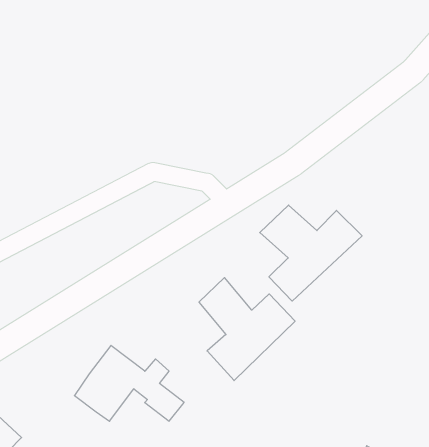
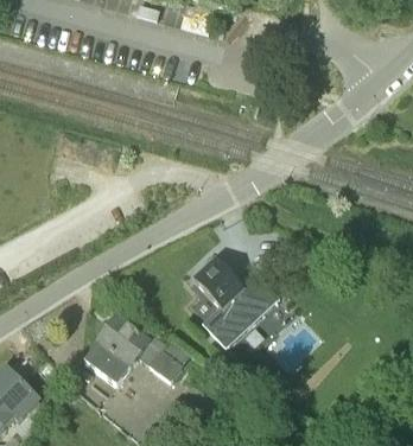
building: [260,205,362,301] -> none

